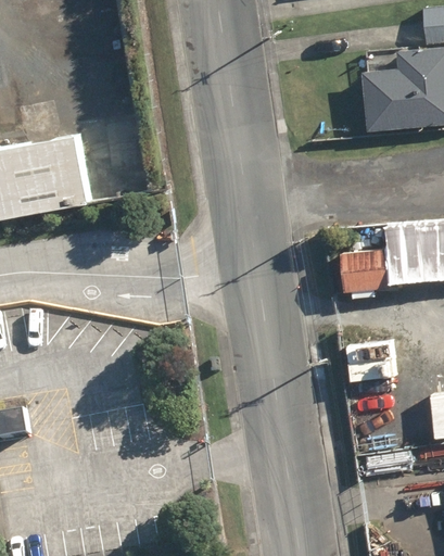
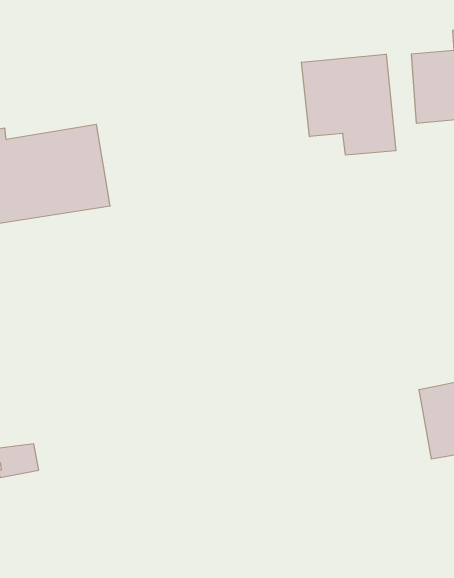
building: none -> [302,54,396,155]
building: [338,241,389,286] -> none

